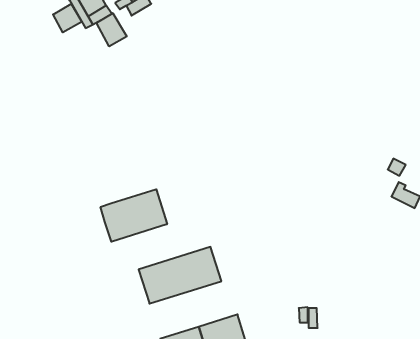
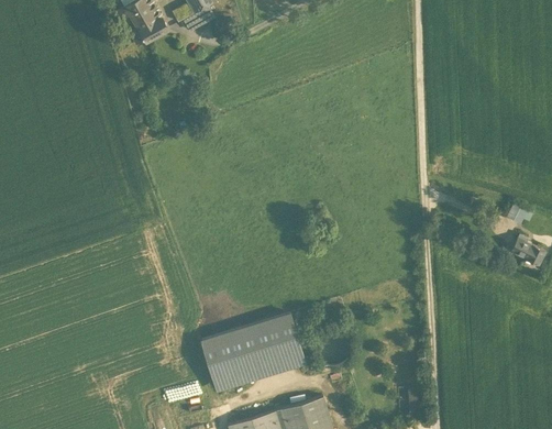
building: [53,4,82,32] -> none
building: [96,13,127,46] -> none
building: [101,189,167,242] -> none

